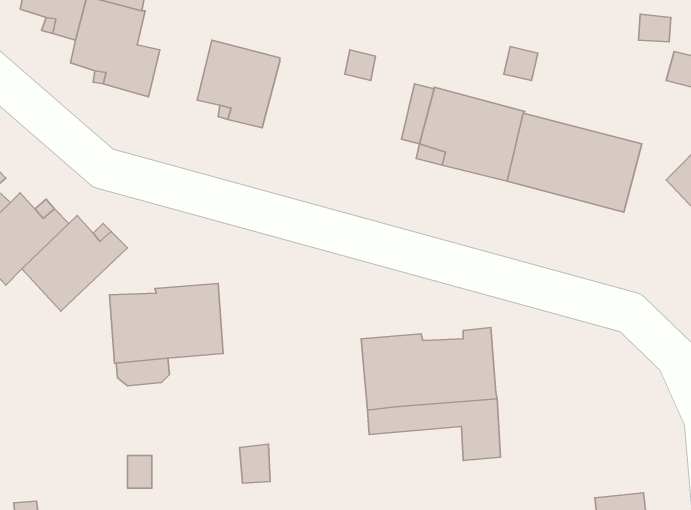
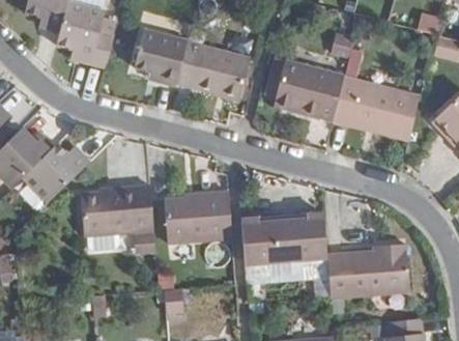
building: none -> [178,42,250,102]
building: none -> [165,191,232,243]
building: none -> [327,243,411,297]

